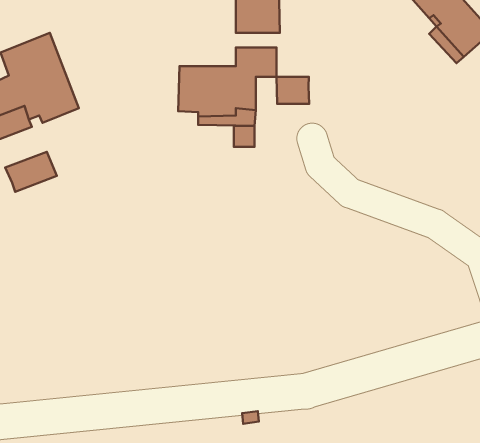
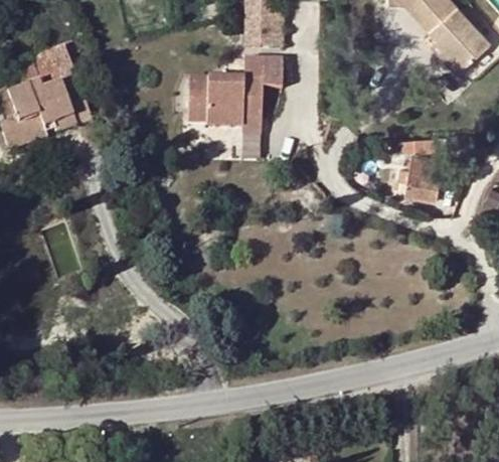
building: [277,77,309,104] -> none
building: none -> [403,149,451,197]
building: [5,152,57,192] -> none

